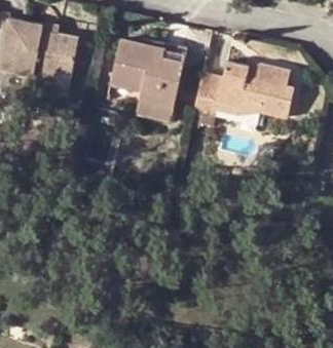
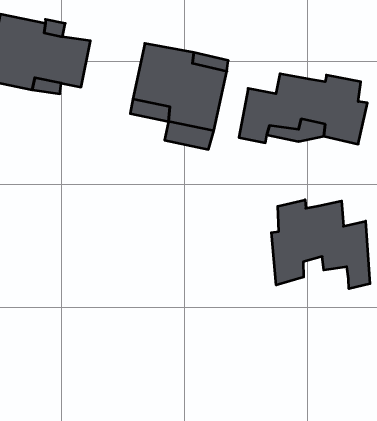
building: none -> [271,200,370,289]

